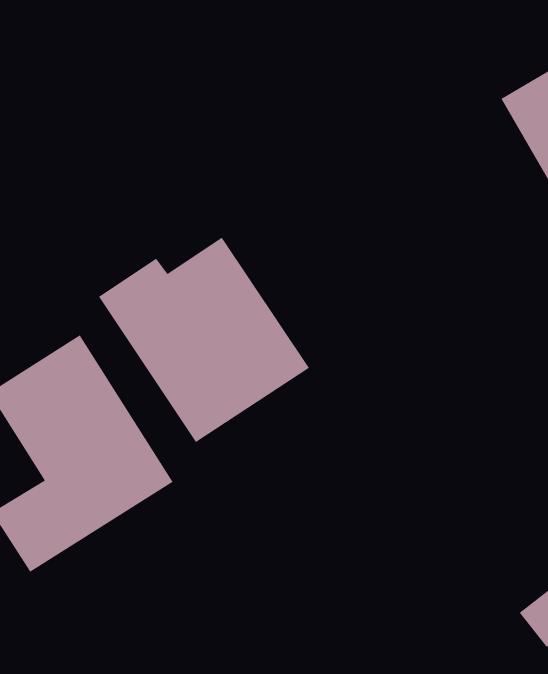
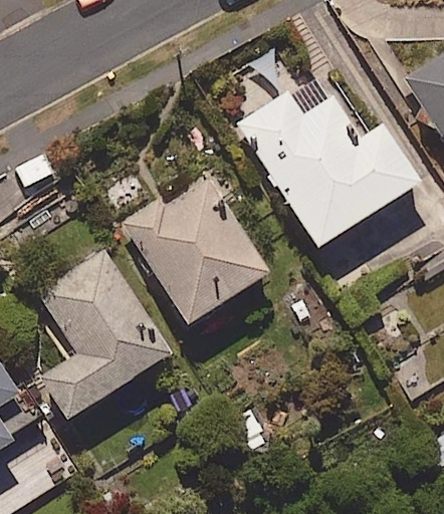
building: none -> [236,87,420,248]

